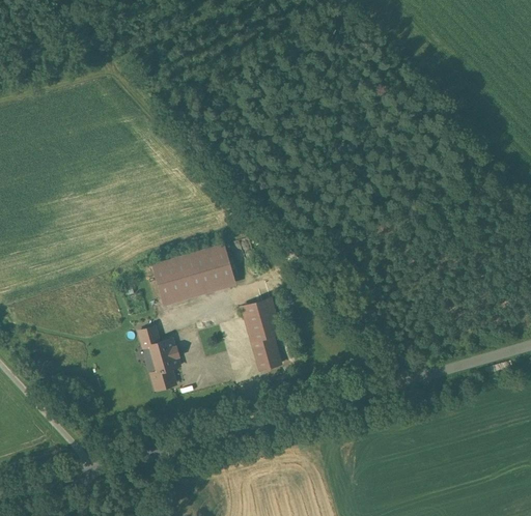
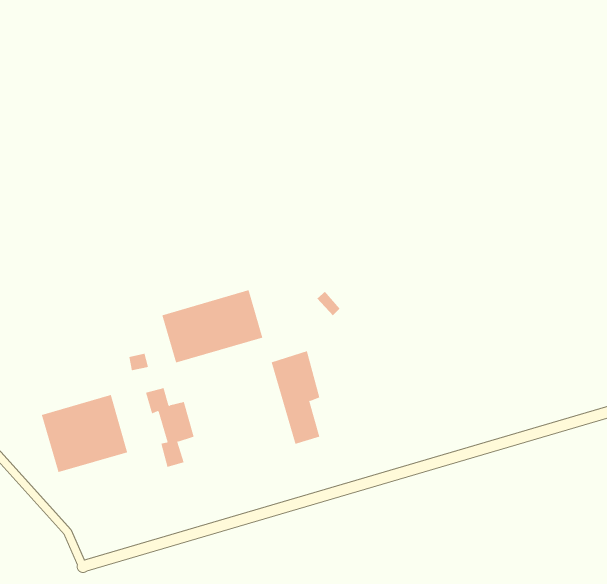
building: none -> [41,394,128,473]

